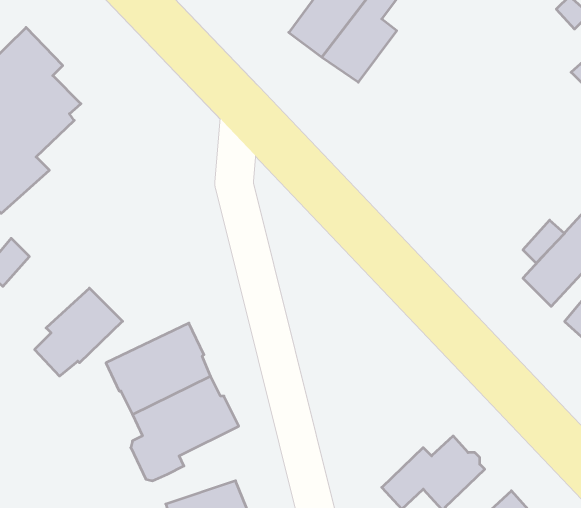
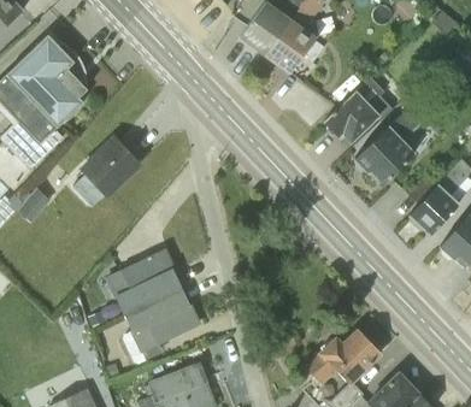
building: none -> [323,76,393,143]
building: none -> [354,108,422,185]
building: [35,288,123,376] -> [73,141,137,205]

